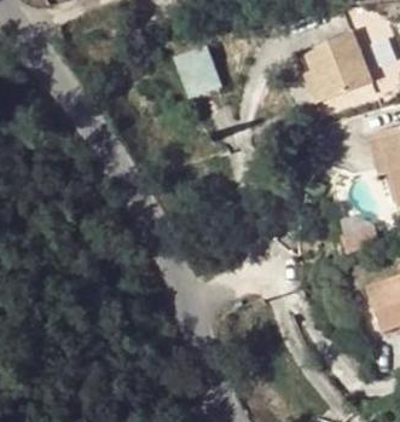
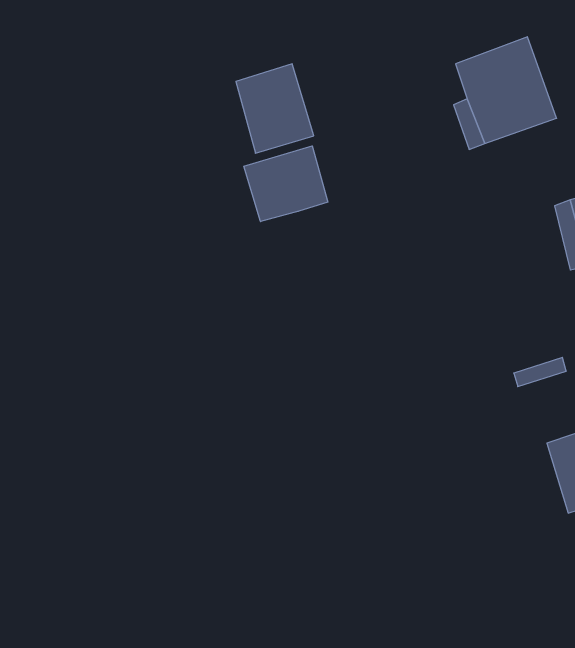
building: none -> [244,146,328,222]

